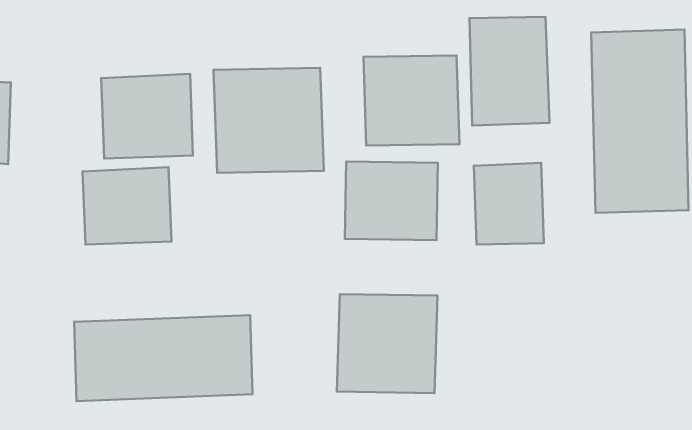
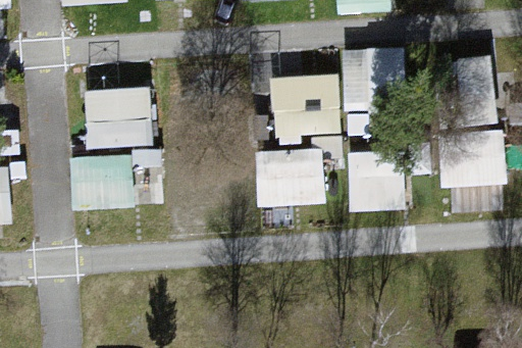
building: [213,68,324,173] -> none
building: [337,294,438,393] -> none
building: [74,315,252,401] -> none

